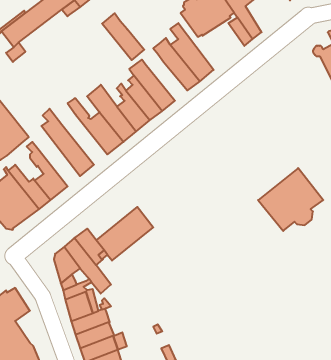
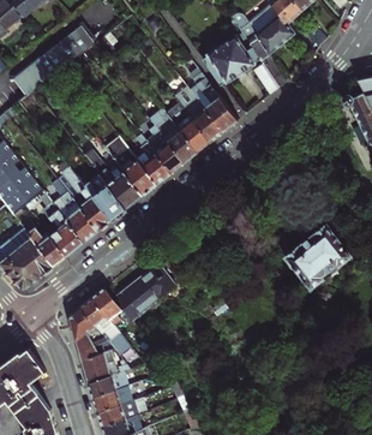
building: [102,13,144,60] -> [166,103,210,153]
building: none -> [78,167,126,220]
building: none -> [52,179,97,243]

